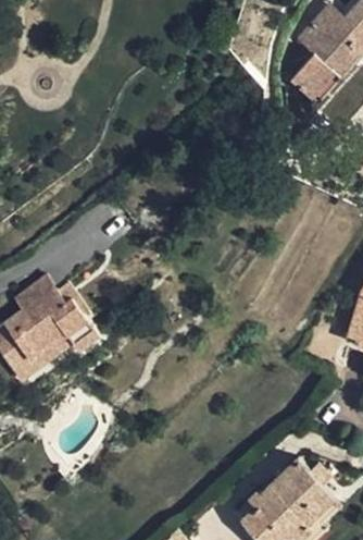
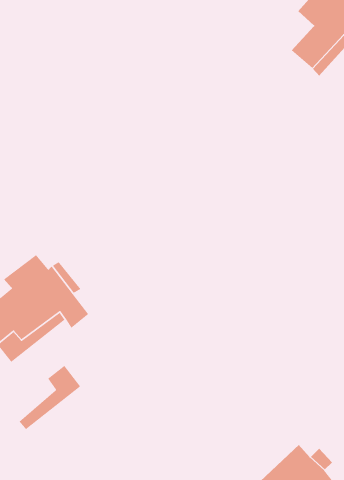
building: none -> [18,365,81,430]

